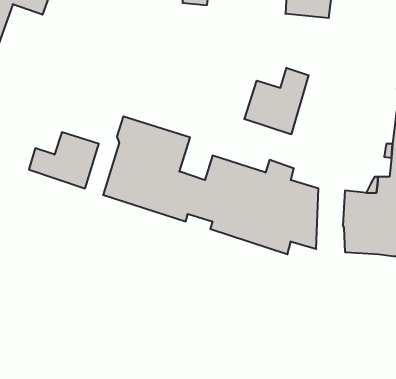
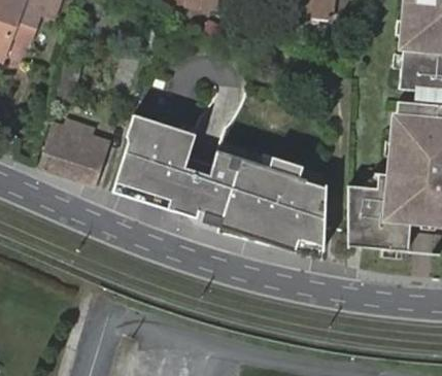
building: [244,68,309,134] -> none

